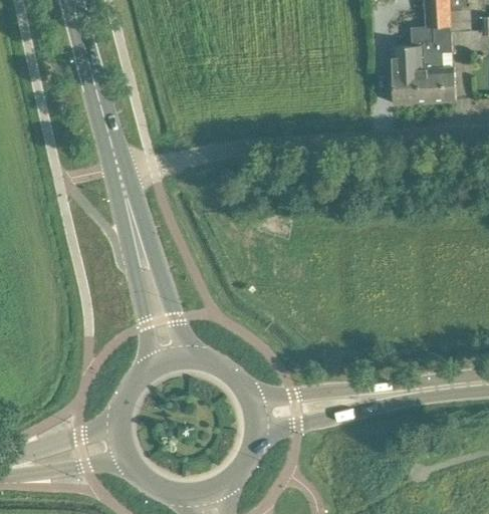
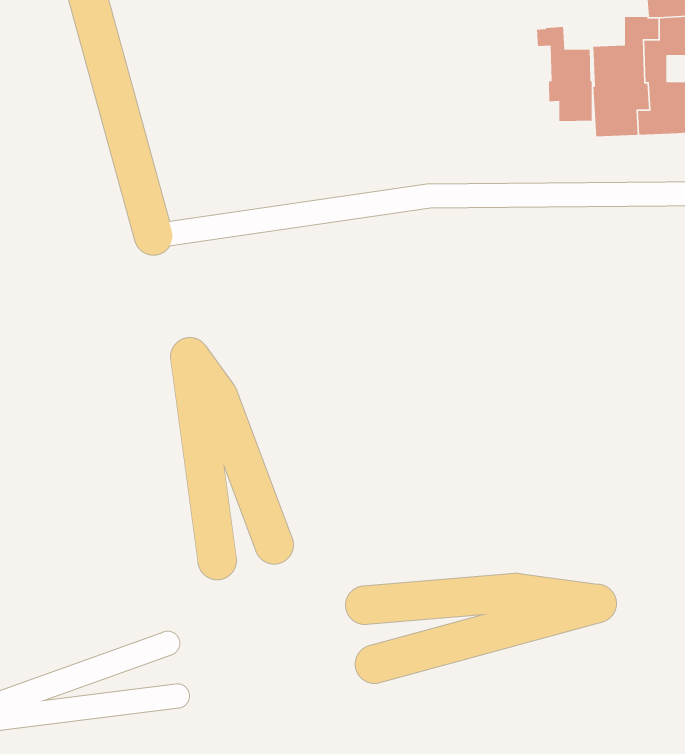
building: none -> [536,26,592,122]

